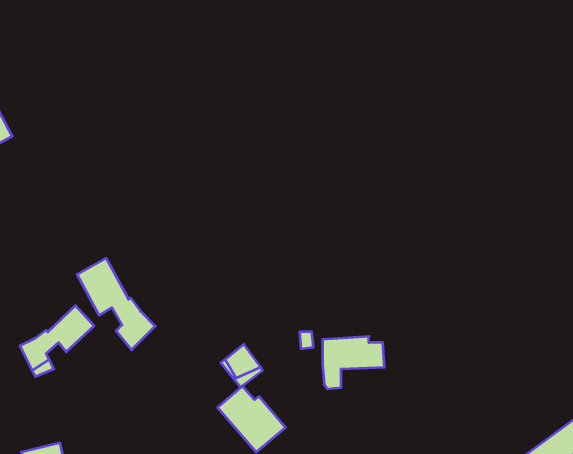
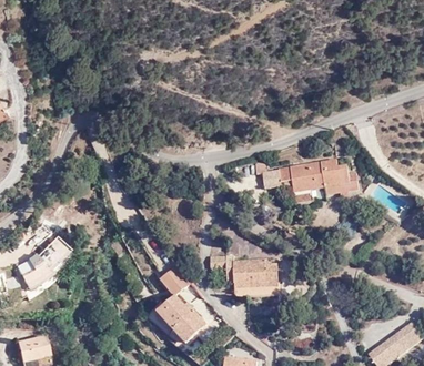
building: none -> [260,161,357,193]
building: [77,258,155,350] -> none

